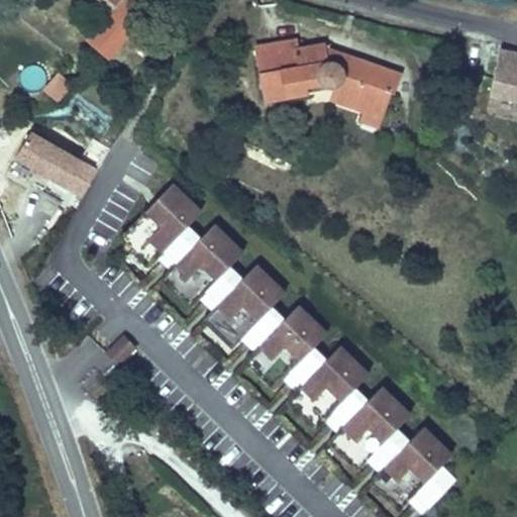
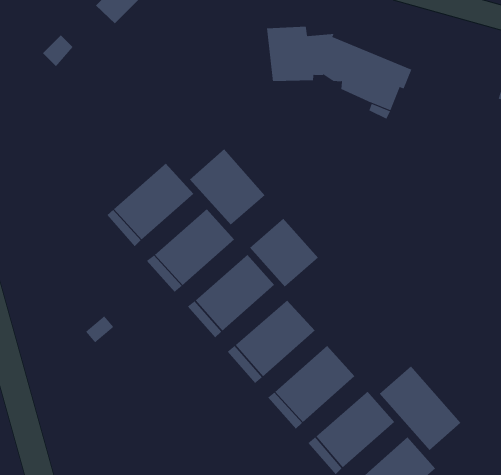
building: [21,125,100,194] -> none
building: none -> [189,148,266,225]
building: none -> [249,218,319,288]
building: none -> [379,366,461,451]

